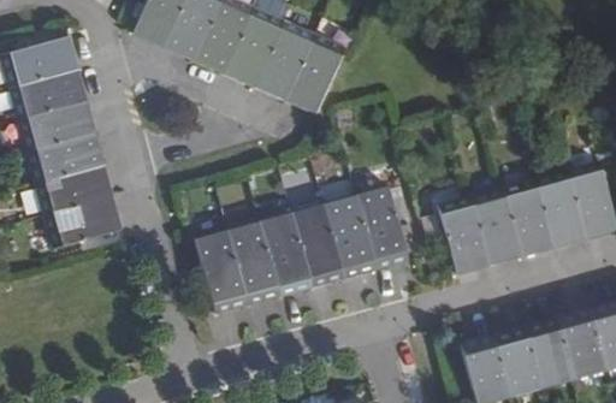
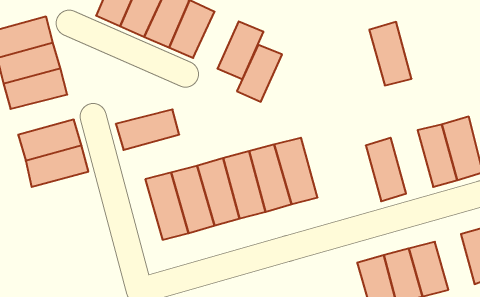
building: [255,29,312,100] -> [237,45,282,102]
building: [26,132,106,183] -> [116,109,179,150]
building: [502,177,555,256] -> [369,22,412,85]
building: [438,196,490,274] -> none
building: [557,307,606,377] -> none

